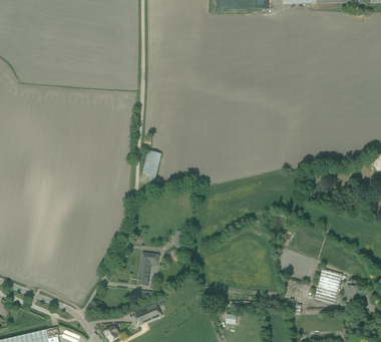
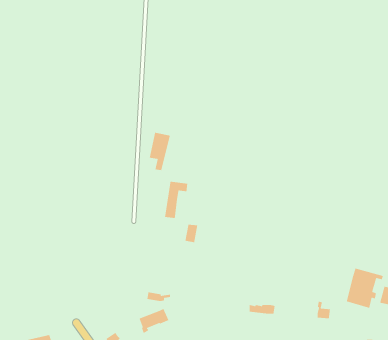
building: [137,252,158,285] -> [164,181,188,219]

